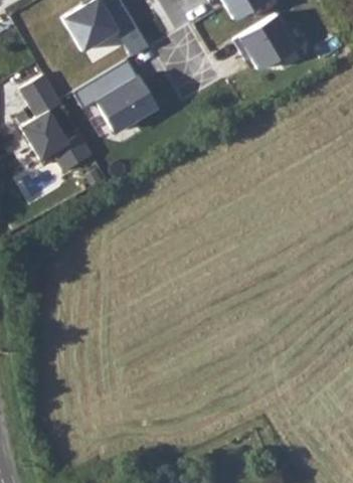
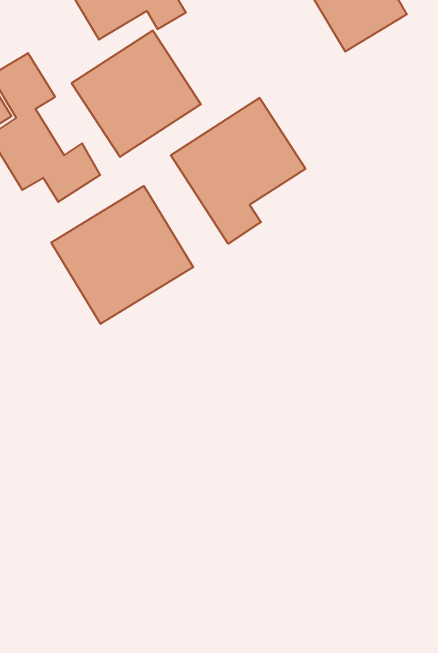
building: none -> [171,98,305,244]
building: none -> [51,186,193,324]

